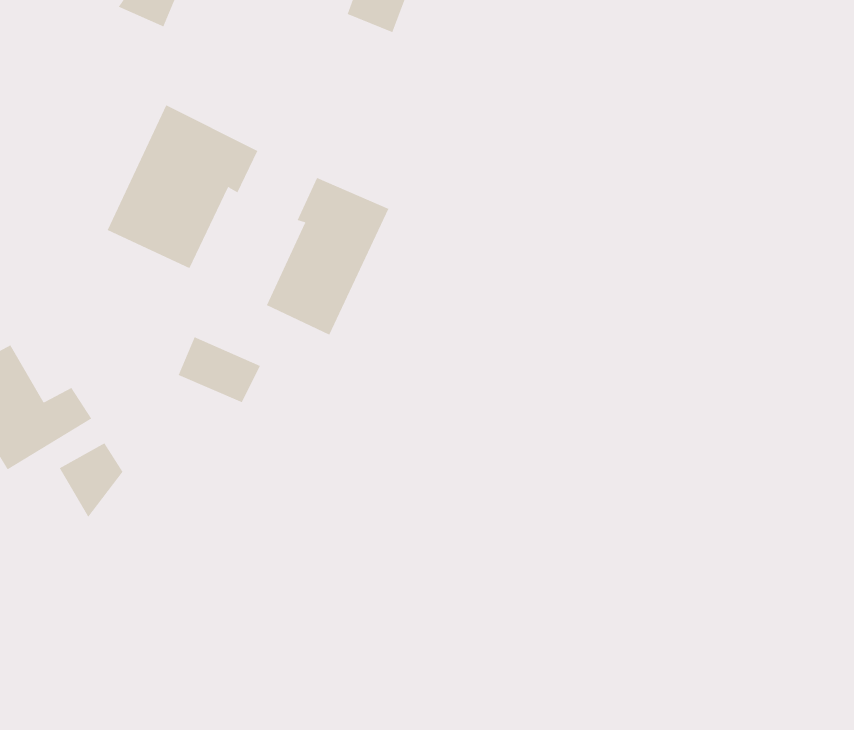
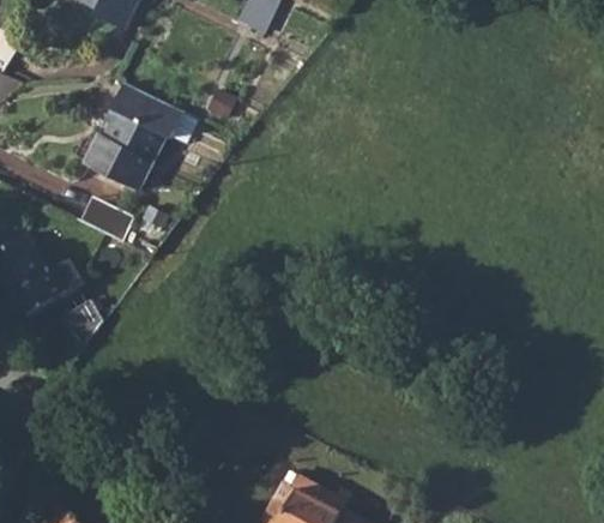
building: [266,177,389,336] -> none
building: [178,336,261,403] -> [81,197,135,240]

